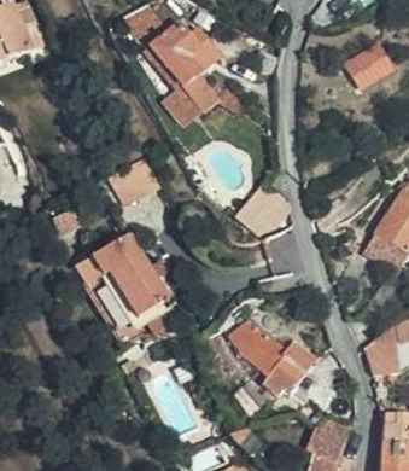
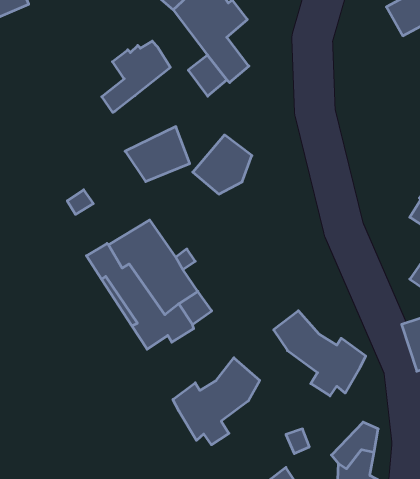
building: none -> [102,41,170,112]
building: [232,185,284,237] -> [193,135,252,194]
building: none -> [173,358,260,445]

